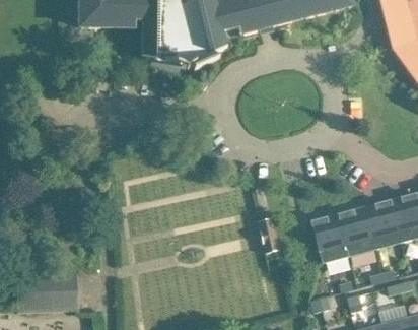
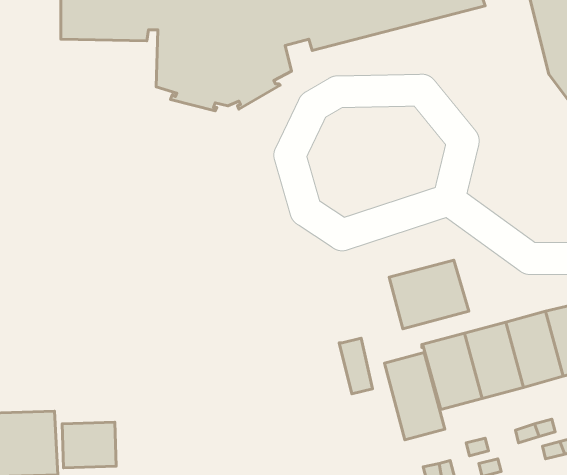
building: none -> [389,260,469,329]
building: none -> [384,352,445,440]
building: none -> [62,422,116,468]

